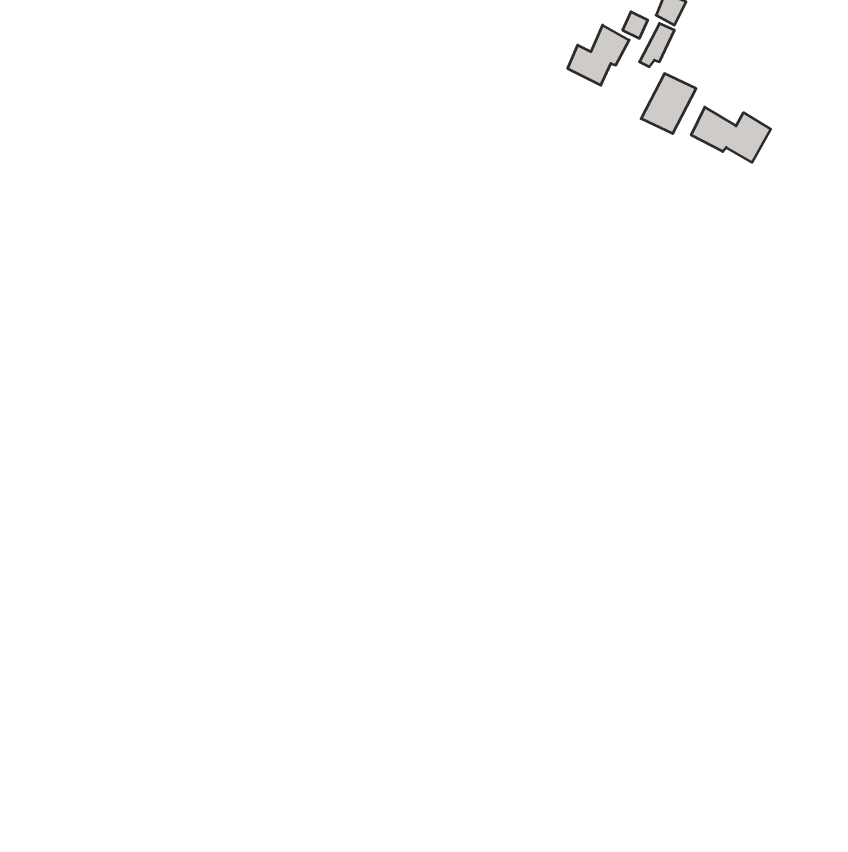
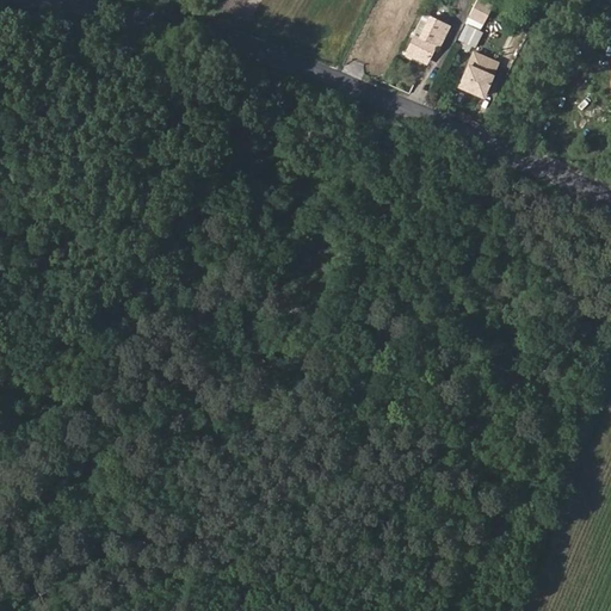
building: [691,107,771,162] -> none

